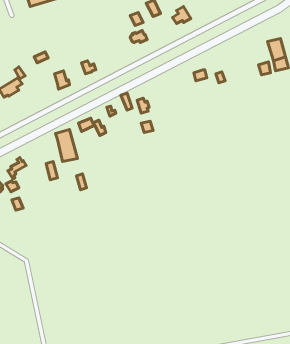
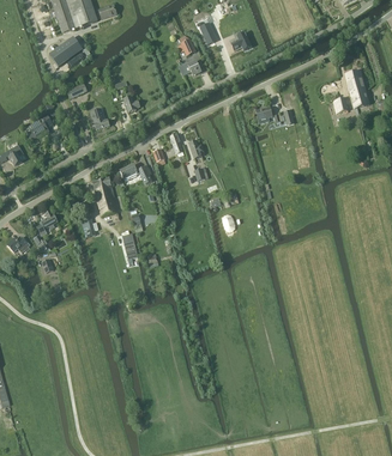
building: none -> [44,35,82,65]

